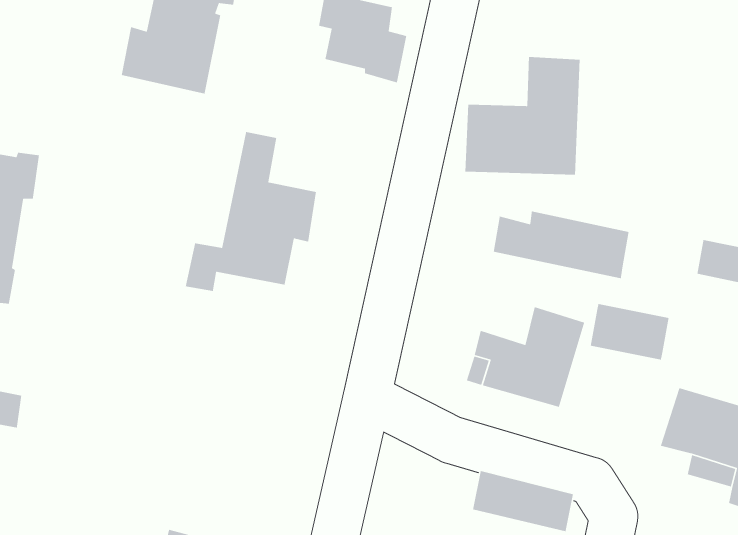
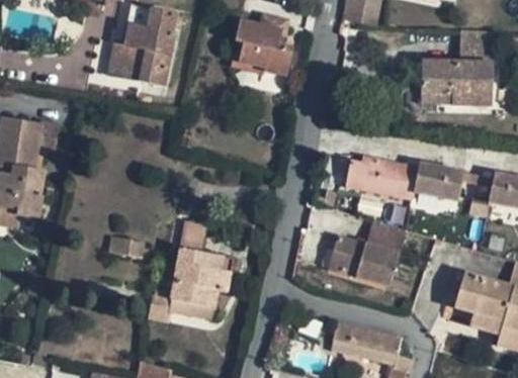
building: [464,56,581,175] -> [420,30,494,106]
building: [185,131,317,292] -> [148,220,232,322]
building: [590,303,669,360] -> [429,168,480,204]

